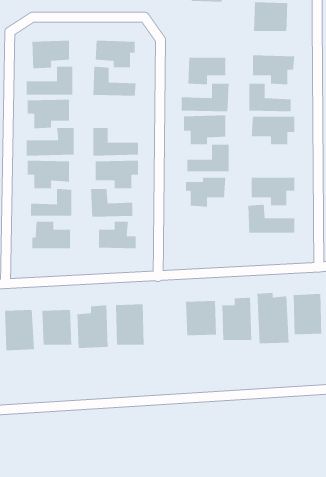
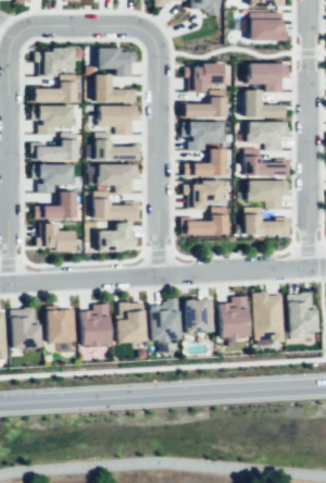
building: none -> [99,106,140,135]
building: none -> [245,148,291,176]
building: none -> [181,207,228,235]
building: none -> [149,298,180,343]

